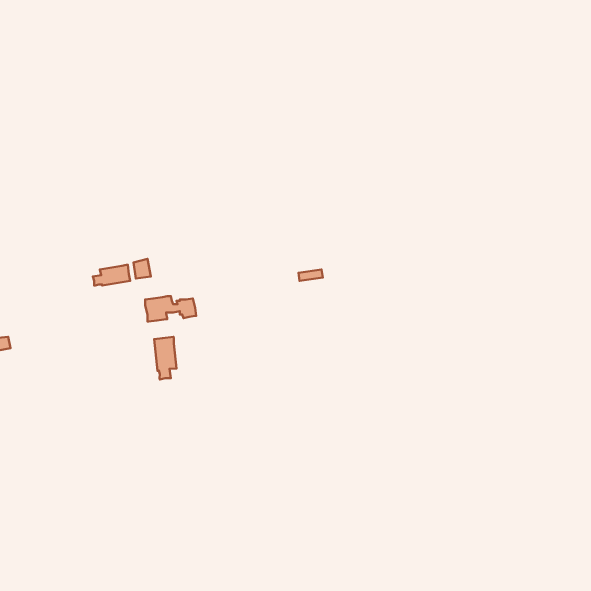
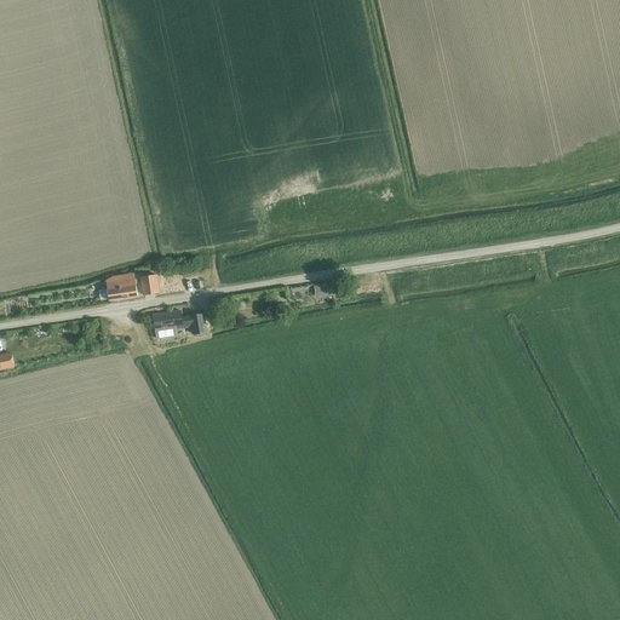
building: [154,337,177,380] -> none

